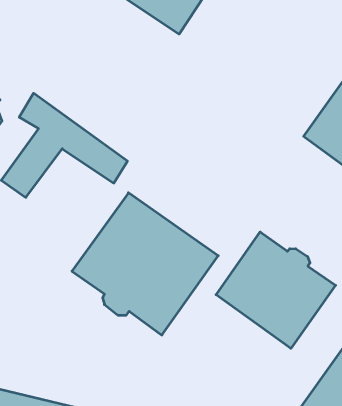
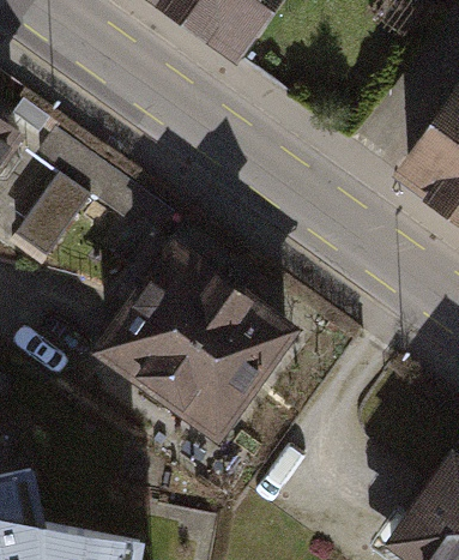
building: [216,232,336,348] -> none

